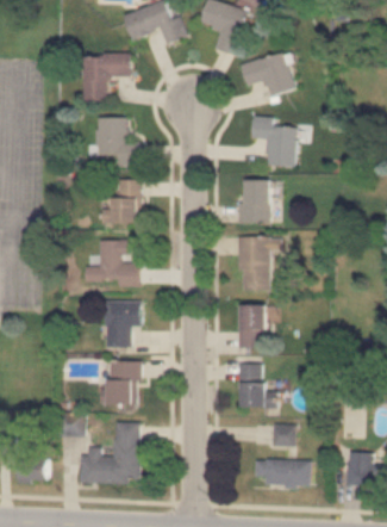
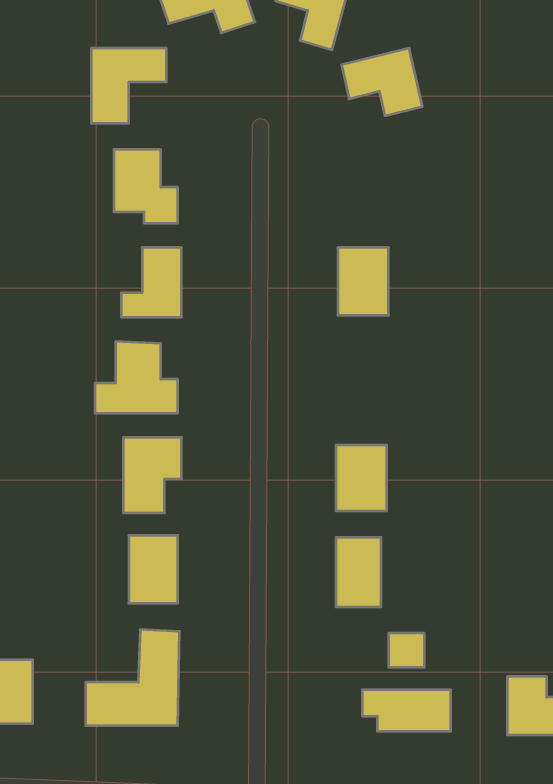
building: [252,117,297,167] -> none
building: [238,237,282,291] -> none

